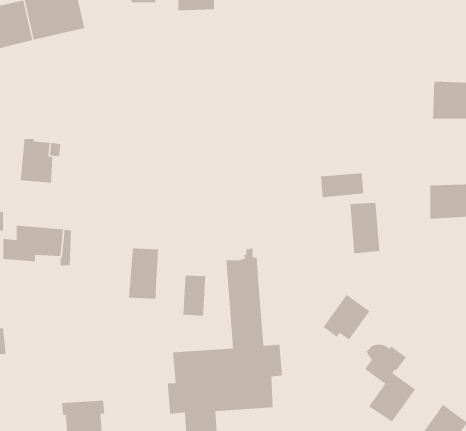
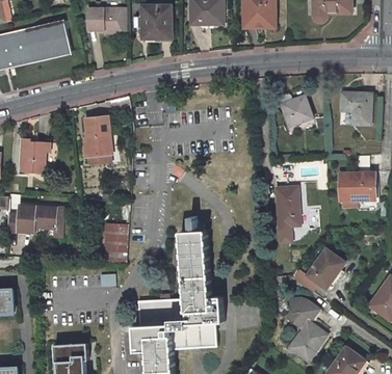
building: none -> [280,97,311,128]
building: none -> [85,114,110,164]
building: [320,172,364,198] -> none
building: [183,275,206,317] -> none
building: [323,294,371,341] -> [308,249,345,286]

